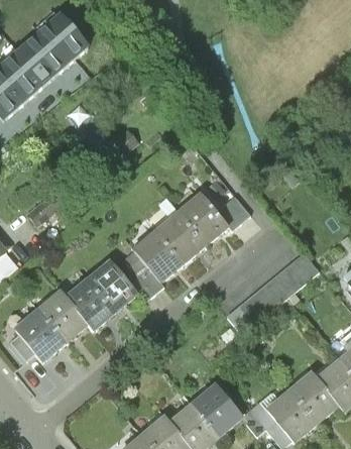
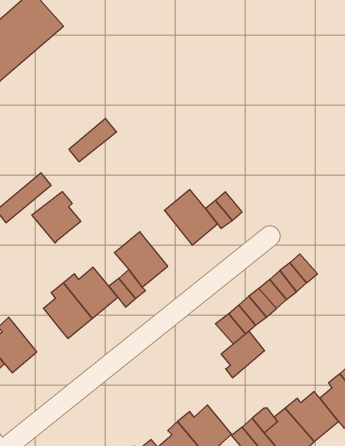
building: none -> [32,192,81,243]
building: [158,212,206,262] -> none
building: [39,295,88,340] -> none
building: none -> [221,331,265,378]

